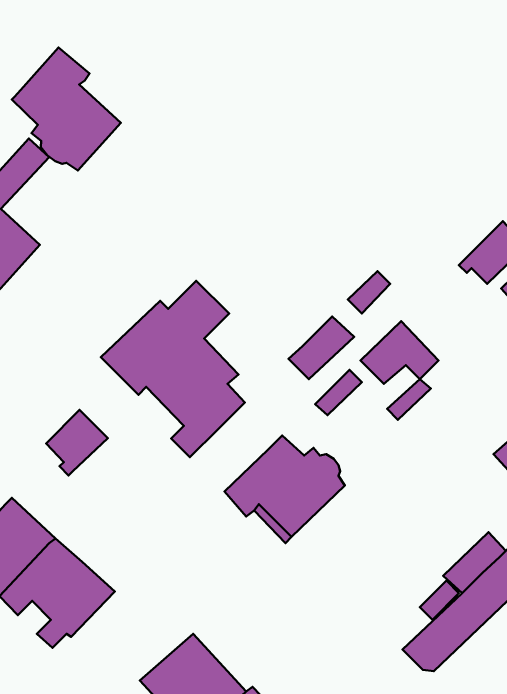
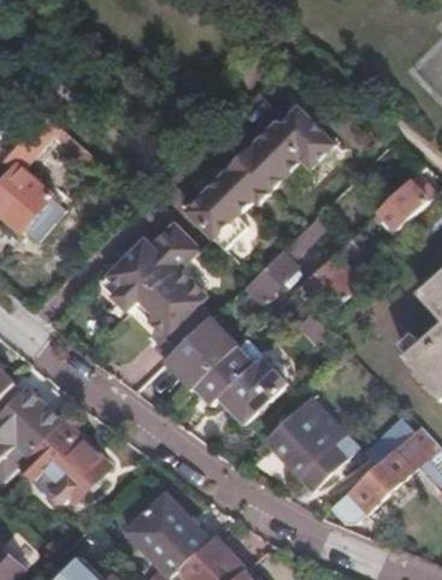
building: [12,48,121,170] -> none
building: none -> [184,106,334,248]
building: none -> [167,316,236,385]
building: [46,410,108,475] -> none
building: none -> [266,400,355,485]

